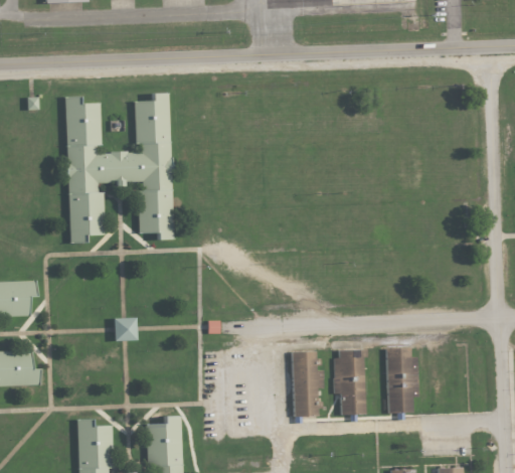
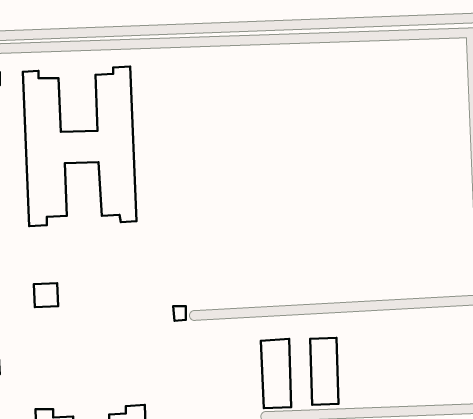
building: [113,317,136,340] -> [34,283,58,307]
building: [386,349,419,413] -> none

